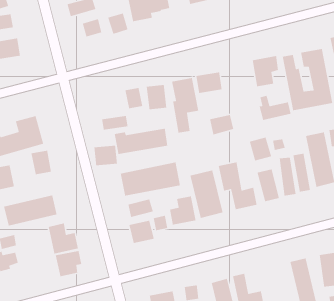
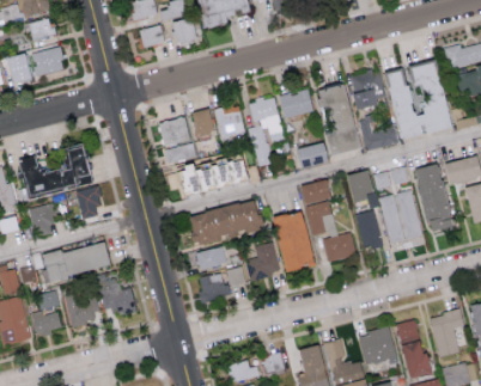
building: none -> [318,84,358,155]
building: none -> [299,179,331,204]
building: [94,145,118,166] -> [159,118,189,145]
building: [55,250,82,277] -> [67,293,101,326]
building: none -> [359,326,397,367]

